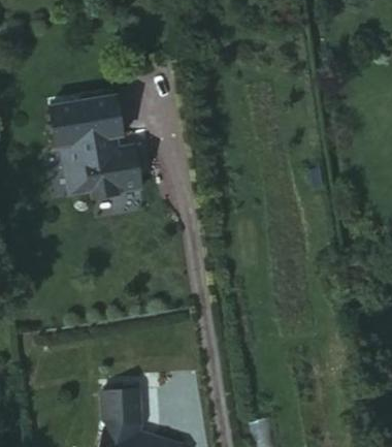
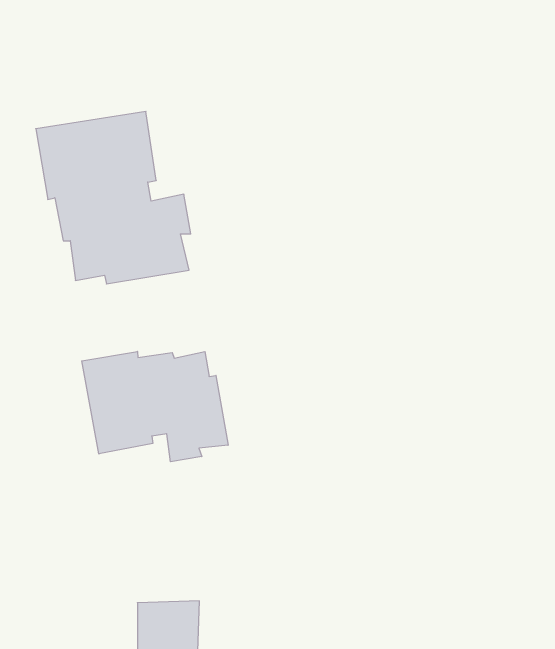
building: none -> [82,351,228,462]

